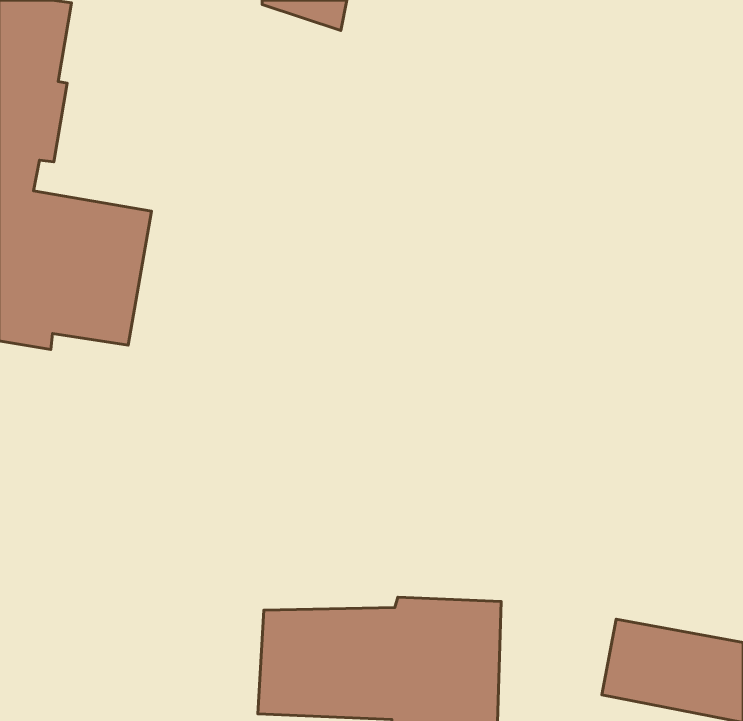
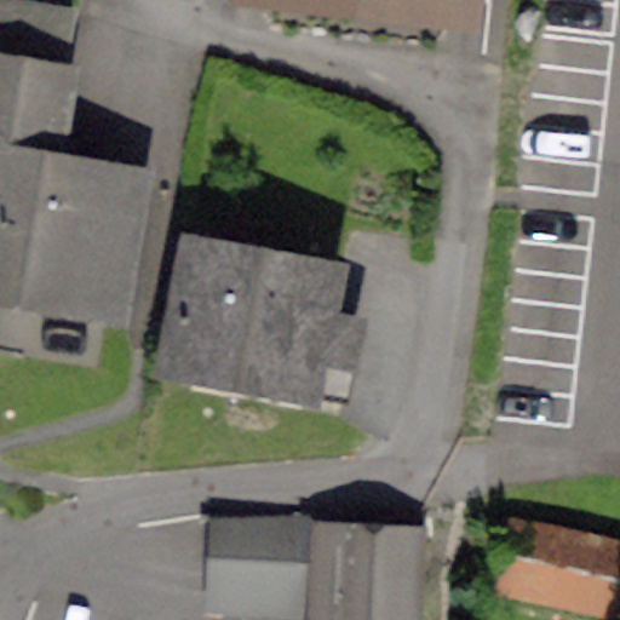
building: none -> [167,232,354,402]

